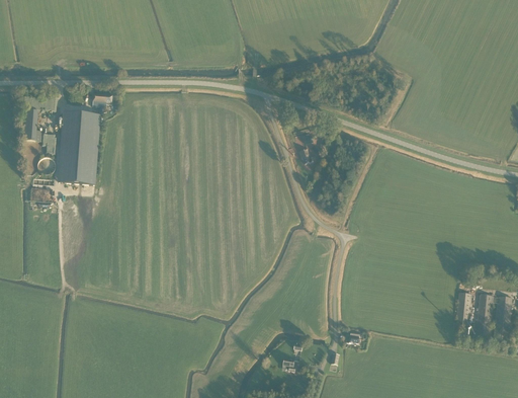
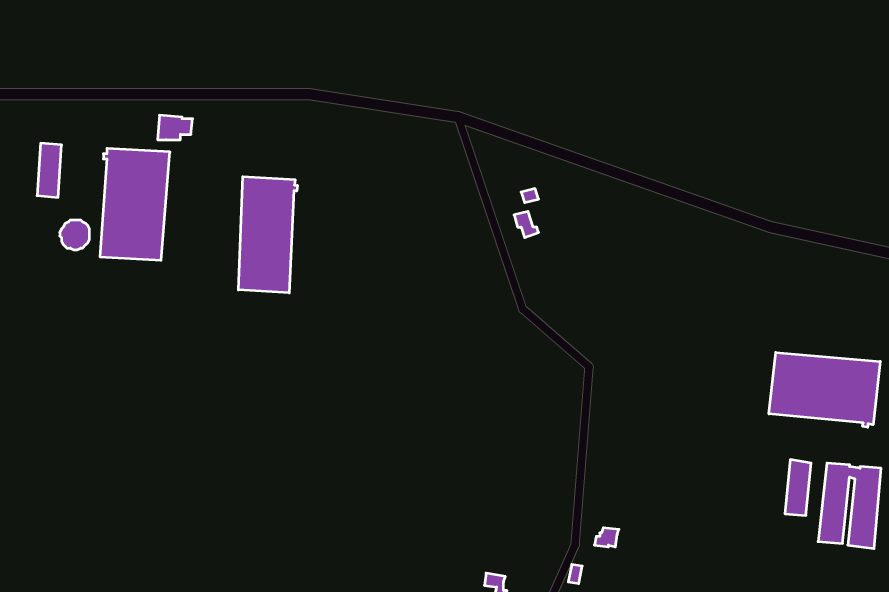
building: none -> [238,177,297,293]
building: none -> [769,352,880,427]

